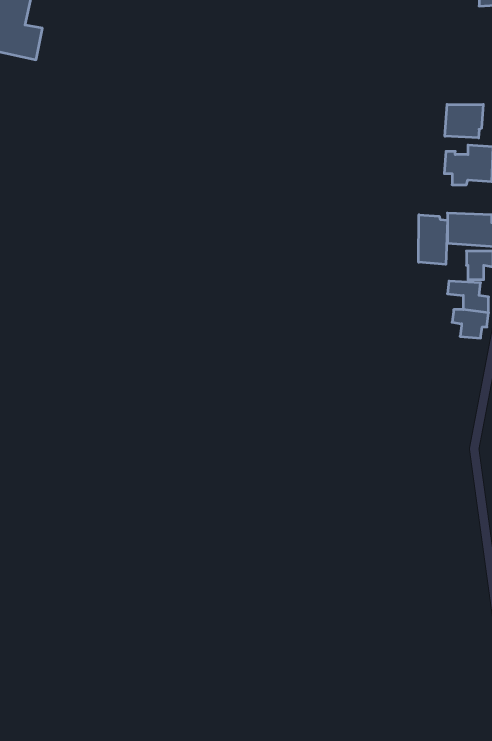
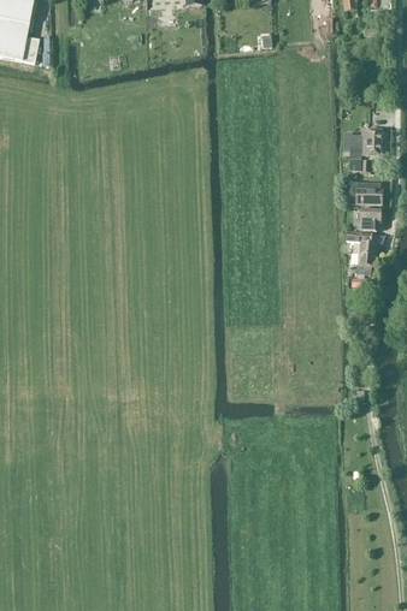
building: [445,104,483,138] -> none
building: [419,215,447,264] -> none

